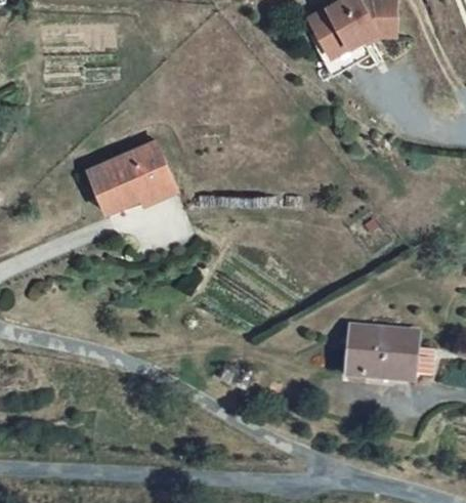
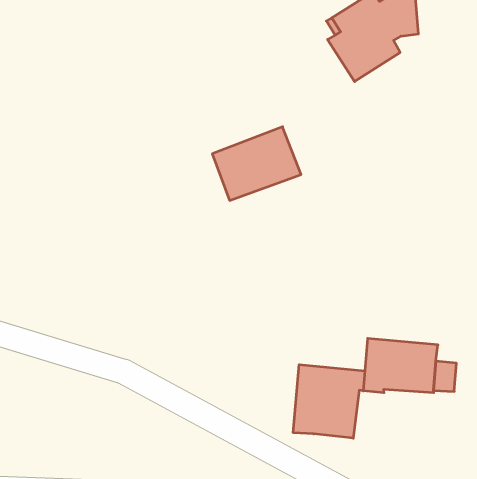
building: [86,141,170,211] -> [212,127,301,200]
building: none -> [293,365,365,438]

